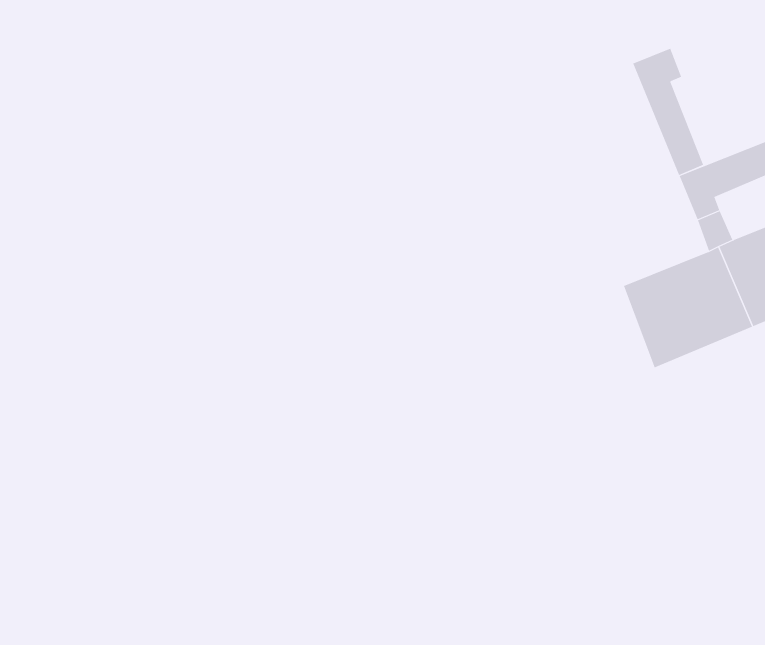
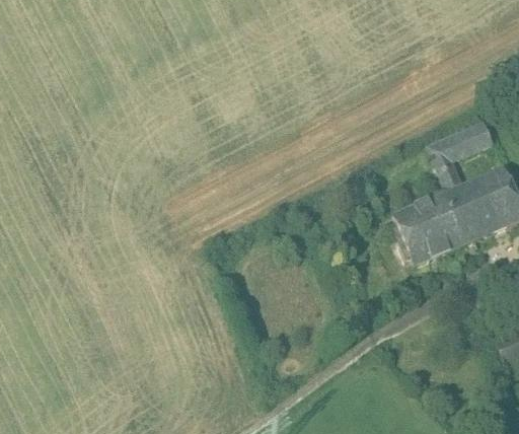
building: [632,48,704,176] -> none

